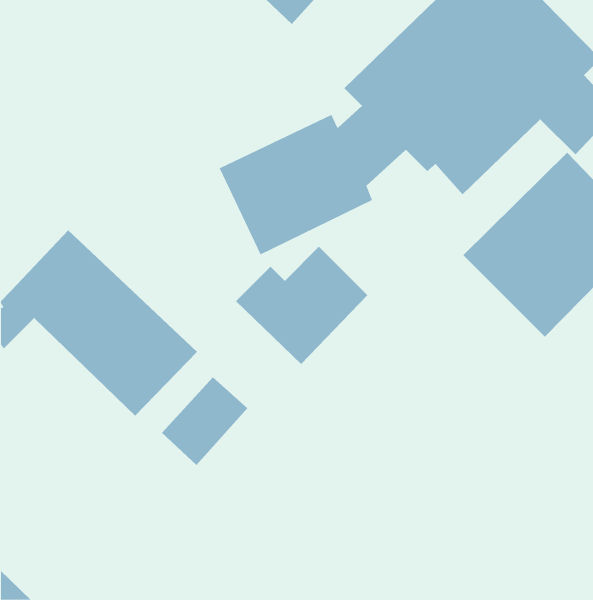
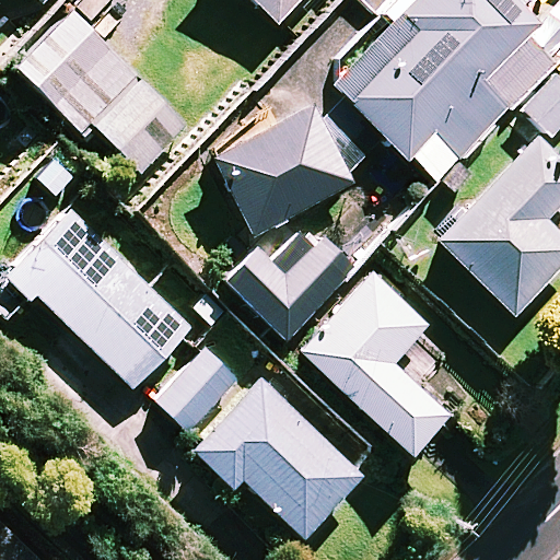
building: none -> [18,11,189,173]
building: none -> [302,273,452,453]
building: none -> [191,372,369,536]

